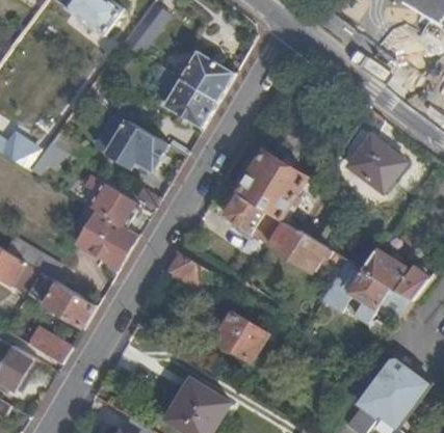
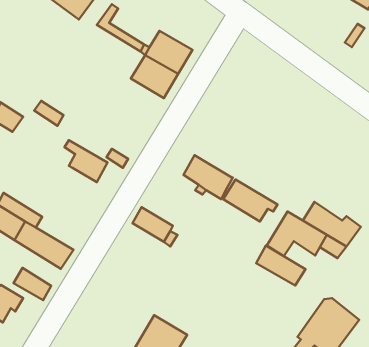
building: [95,112,166,167] -> none
building: [346,137,403,193] -> none
building: [236,153,306,220] -> none
building: [76,209,137,267] -> none
building: none -> [256,245,305,285]
building: [214,314,266,361] -> none

